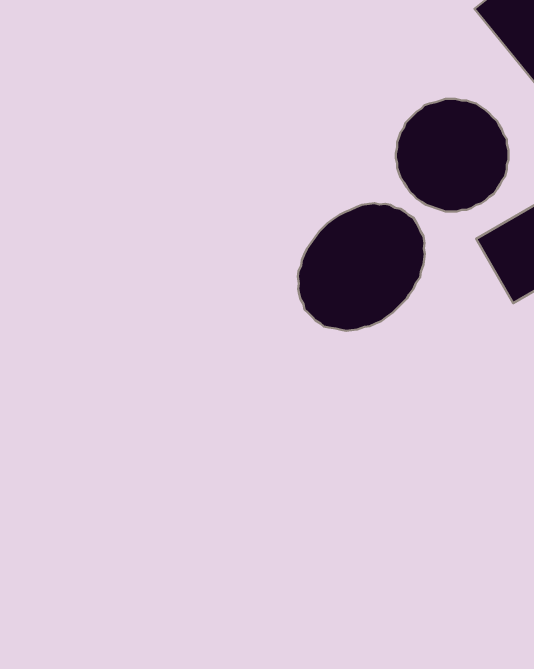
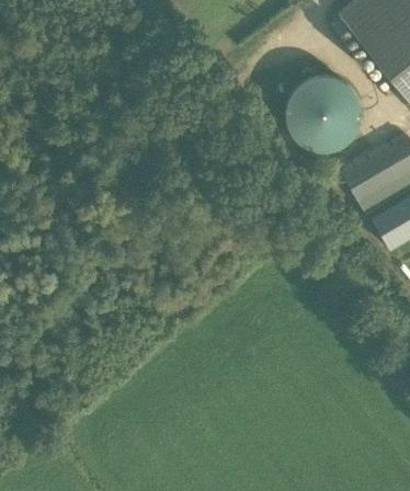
building: [298,203,425,331] -> none

